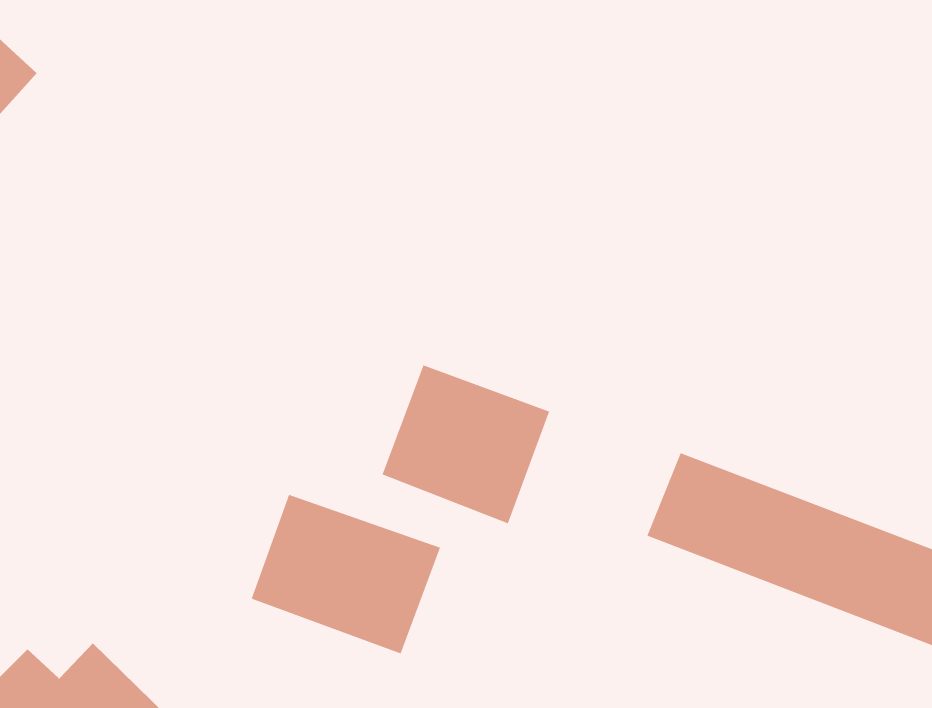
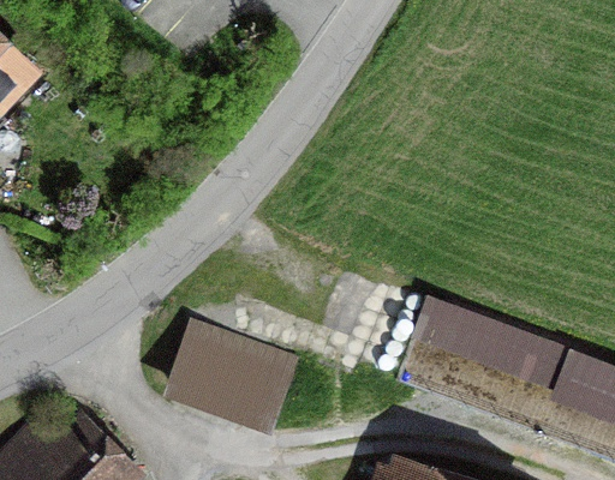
building: [382,365,550,524] -> none

